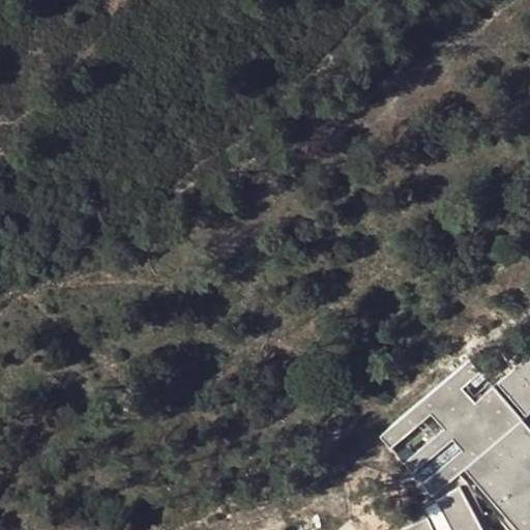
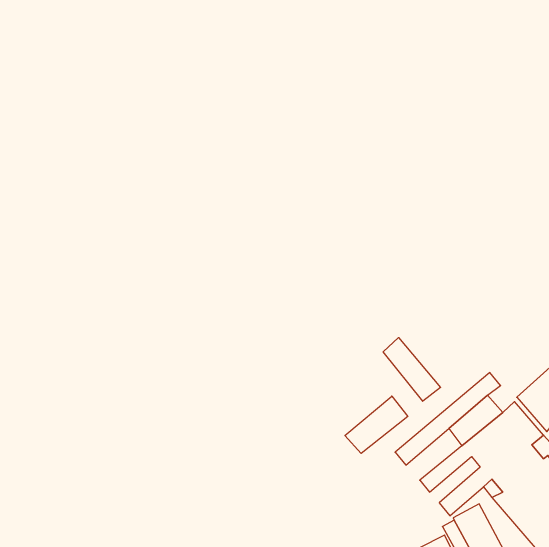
building: none -> [383,338,441,401]
building: none -> [345,396,408,453]

